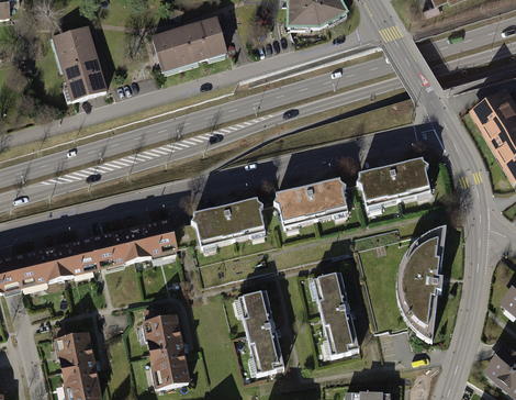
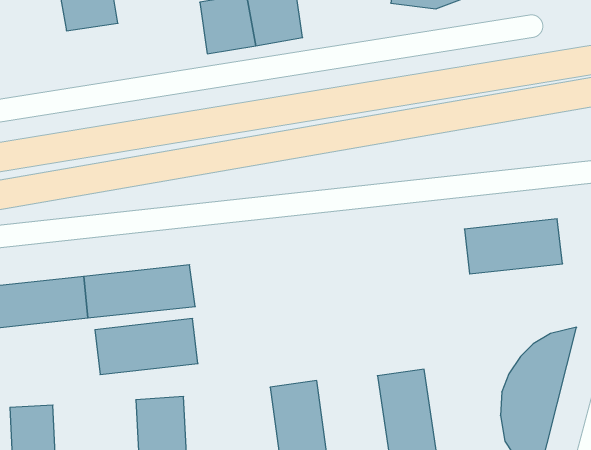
building: [64,60,108,103] -> none
building: [278,179,351,226] -> none
building: [194,200,269,247] -> [95,319,198,375]

